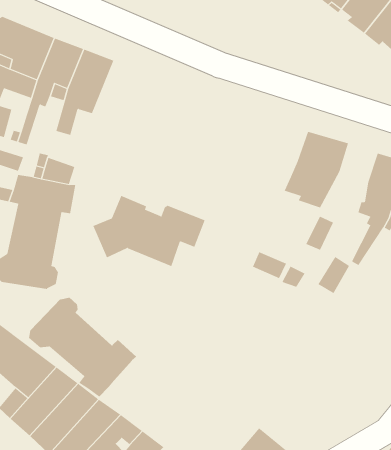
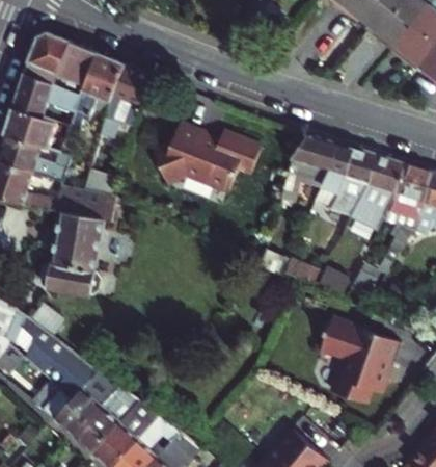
building: none -> [287,134,337,181]
building: none -> [350,155,404,231]
building: [93,195,206,267] -> [153,123,261,191]
building: [29,297,137,397] -> none
building: none -> [320,313,403,404]

